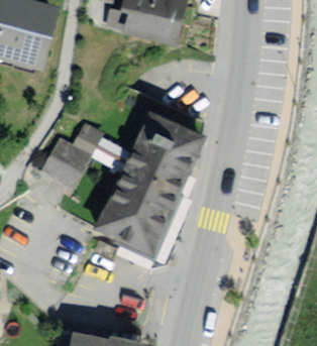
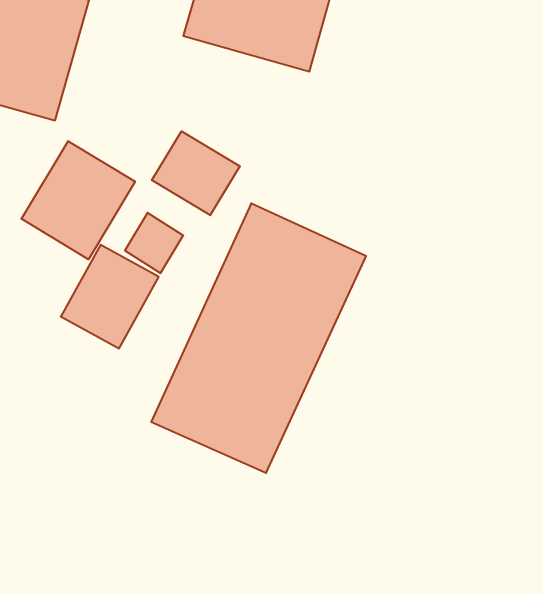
building: none -> [152,131,240,215]
building: none -> [21,141,135,259]

